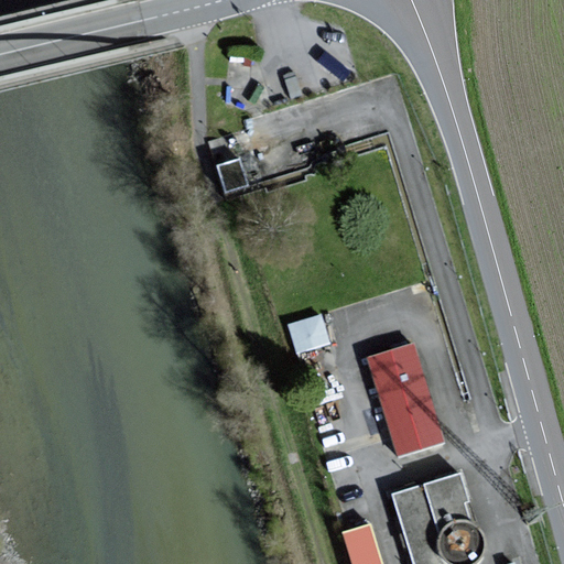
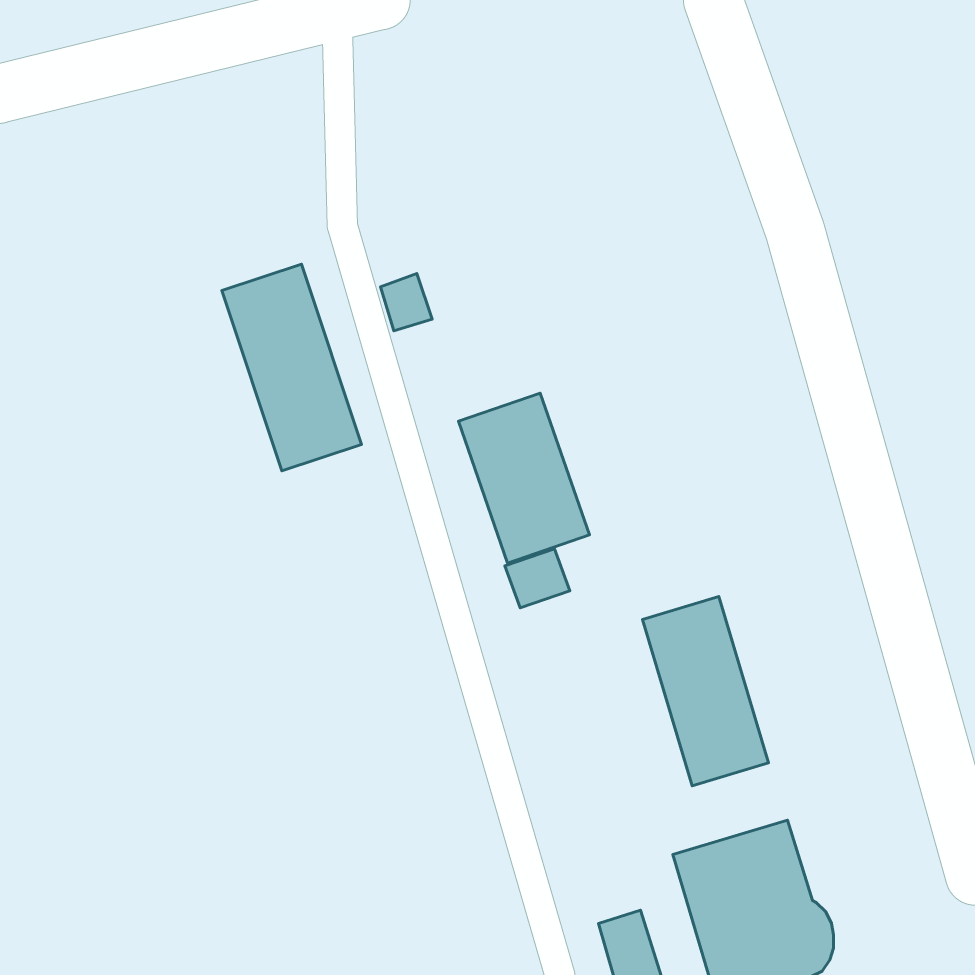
building: none -> [222,264,362,471]
building: none -> [459,393,589,563]

